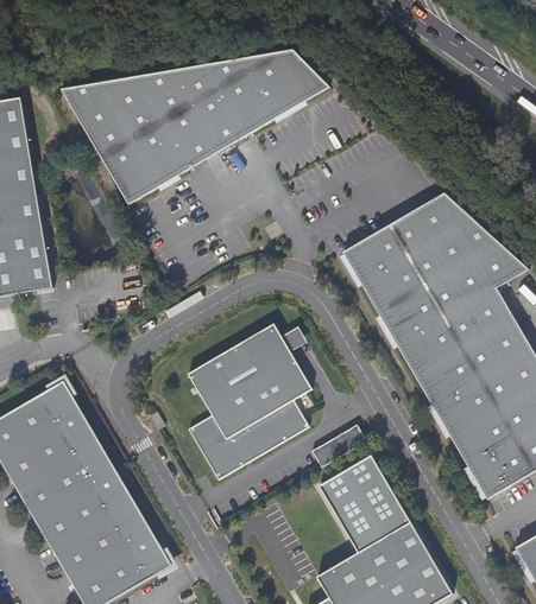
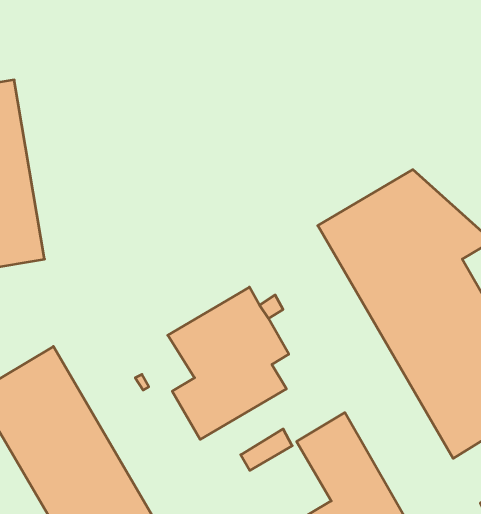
building: [62,43,330,205] -> none
building: [311,422,366,466] -> [241,429,292,470]

